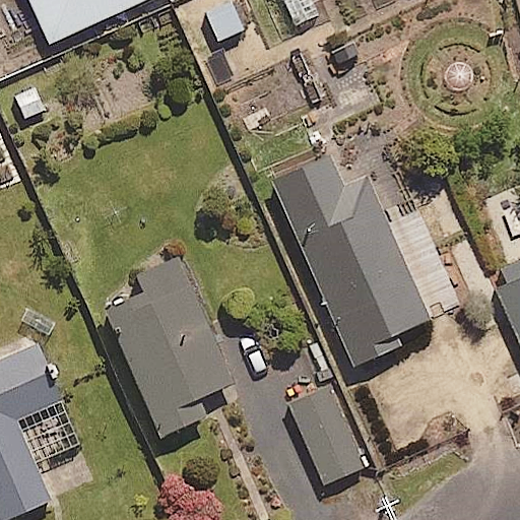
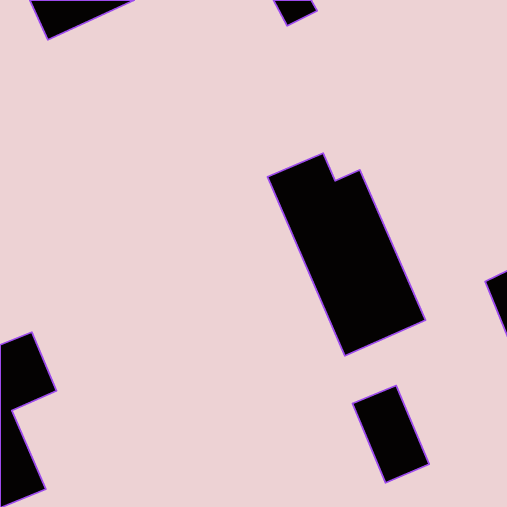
building: [107,256,230,434] -> none
building: [289,384,368,483] -> [353,386,429,483]

